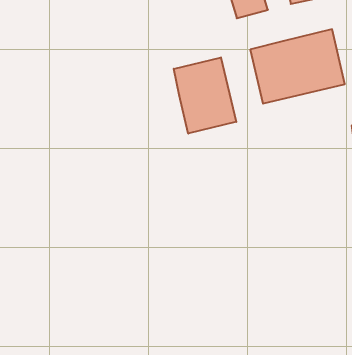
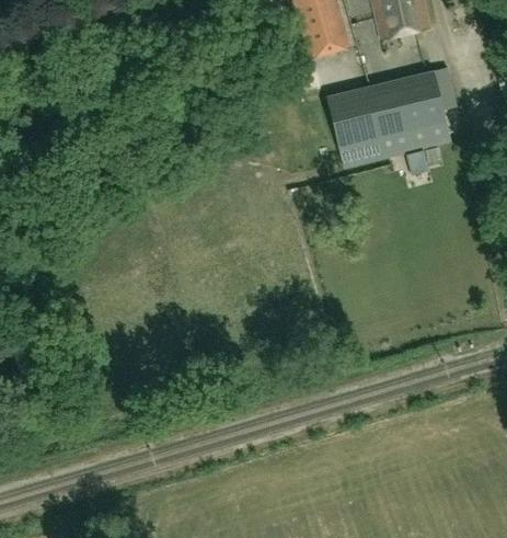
building: [174,57,236,134] -> none

